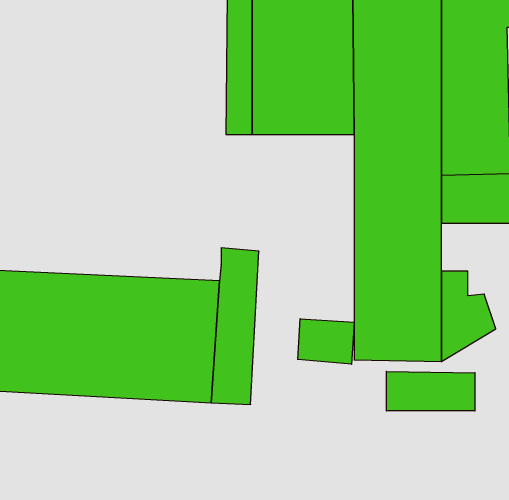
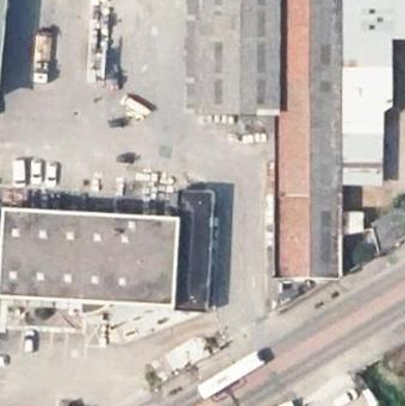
building: [298,319,354,364] -> none
building: [386,371,475,411] -> none

